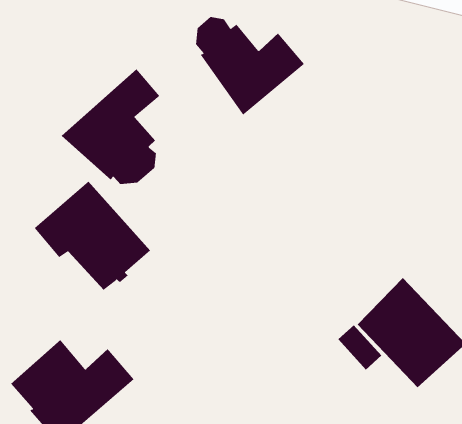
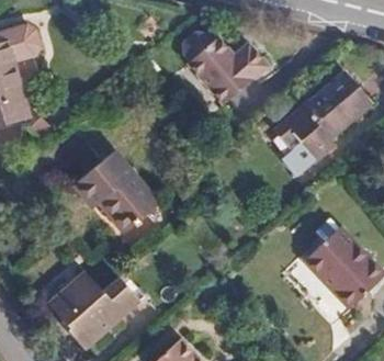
building: [61,68,160,185] -> none
building: none -> [275,72,372,161]

